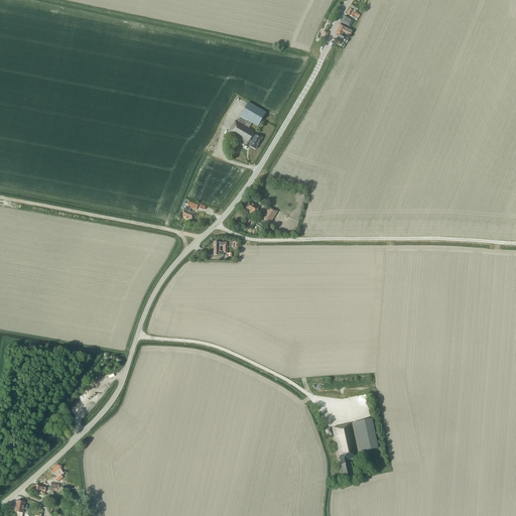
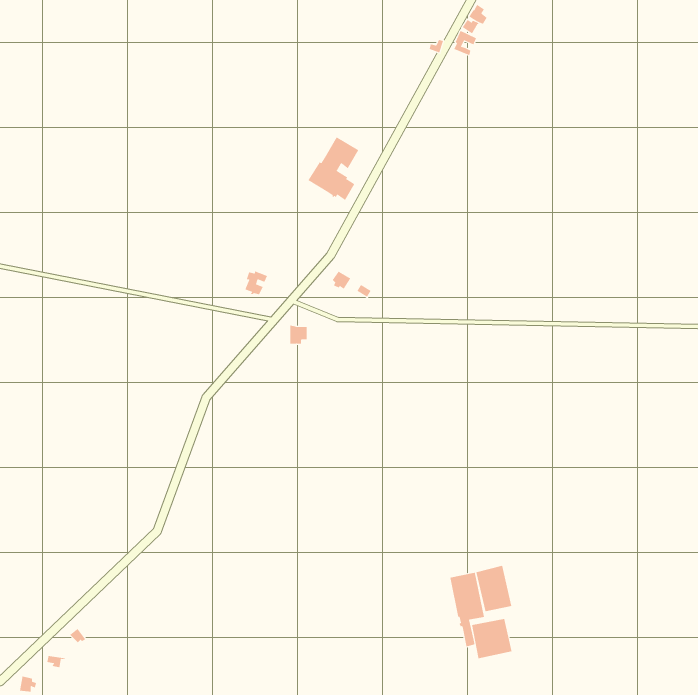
building: none -> [471,618,512,659]

